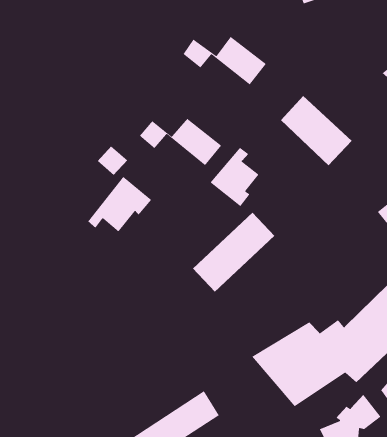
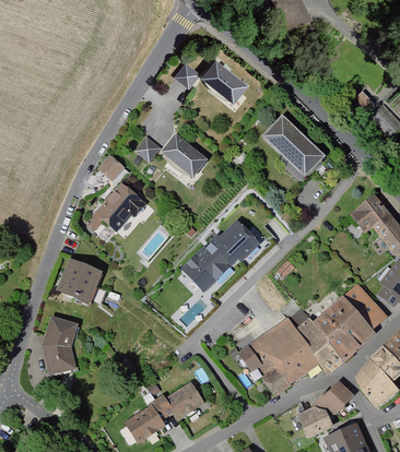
building: [209,147,260,207] -> none
building: none -> [57,258,106,305]
building: none -> [39,316,80,377]

